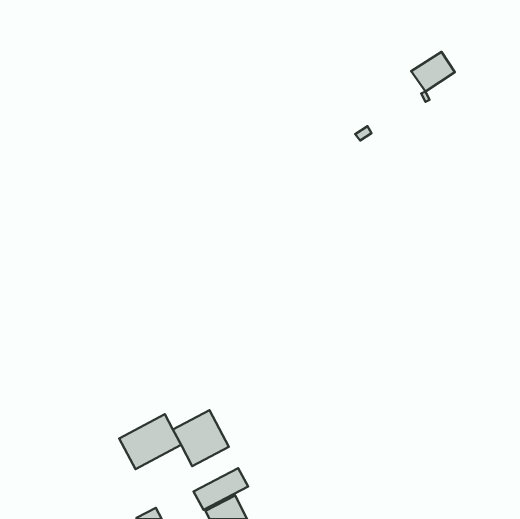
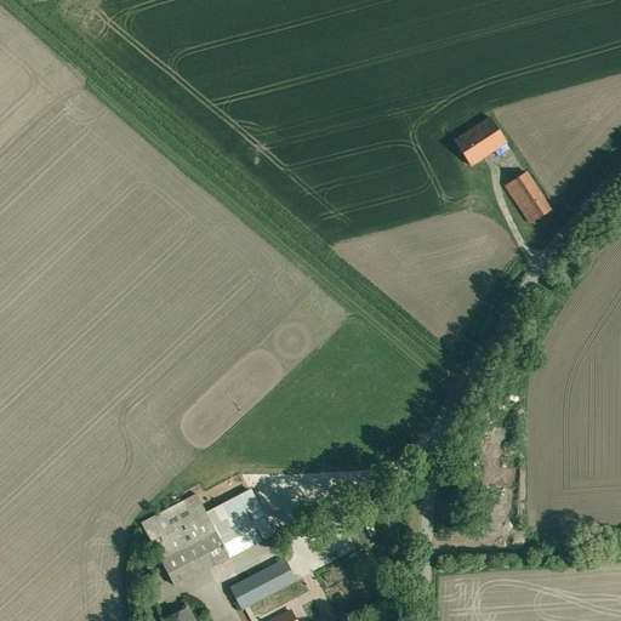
building: [411,52,455,92] -> [454,116,506,164]
building: none -> [505,171,551,222]
building: none -> [161,530,229,585]

